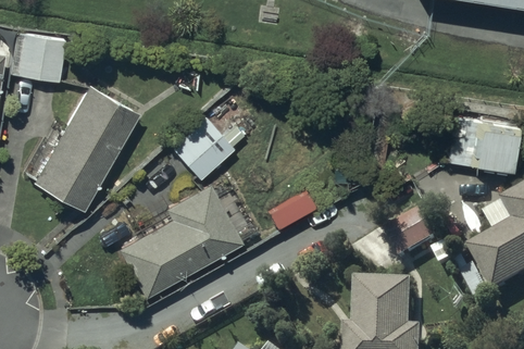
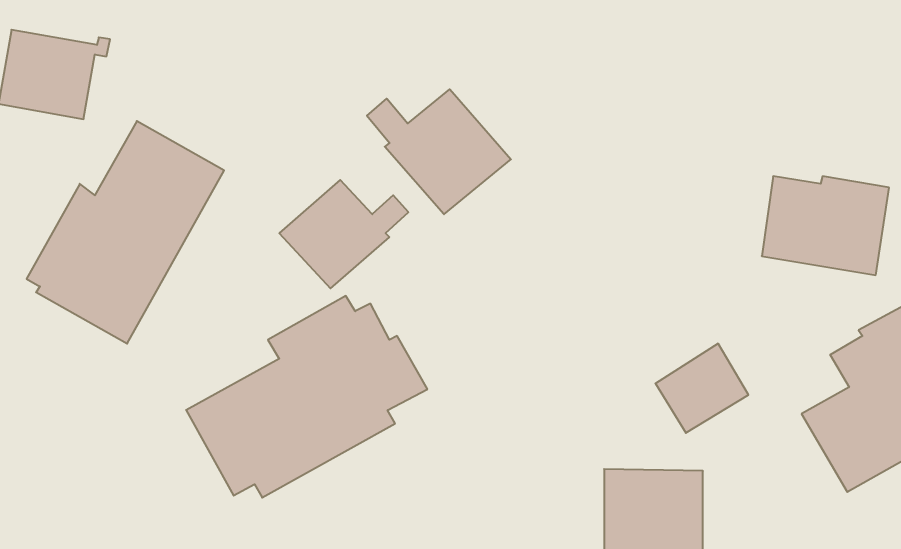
building: none -> [367,89,511,214]

